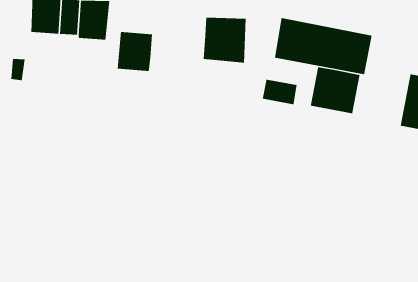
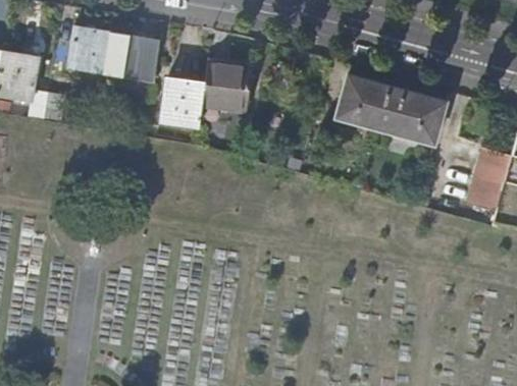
building: [203,17,246,63] -> [199,59,251,113]
building: [310,67,360,114] -> none
building: [262,79,297,105] -> none

